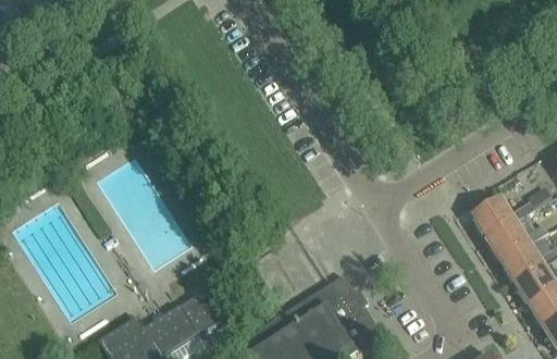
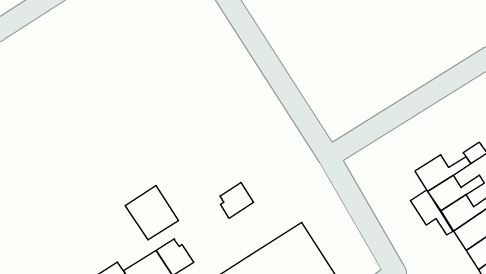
building: none -> [220,182,254,218]
building: none -> [125,185,178,240]
building: none -> [410,190,453,235]

